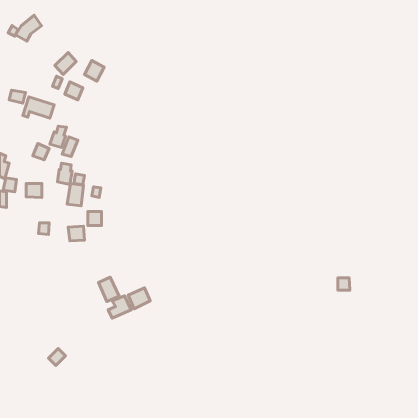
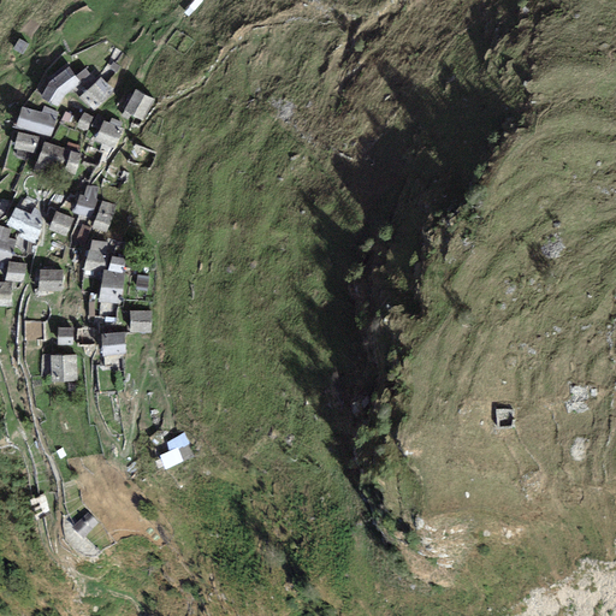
building: [15,15,42,41] -> [40,66,78,105]
building: none -> [16,107,54,135]
building: none -> [6,207,41,242]
building: none -> [51,355,76,380]
building: [98,277,119,302] -> none
building: [128,288,150,309] -> none

